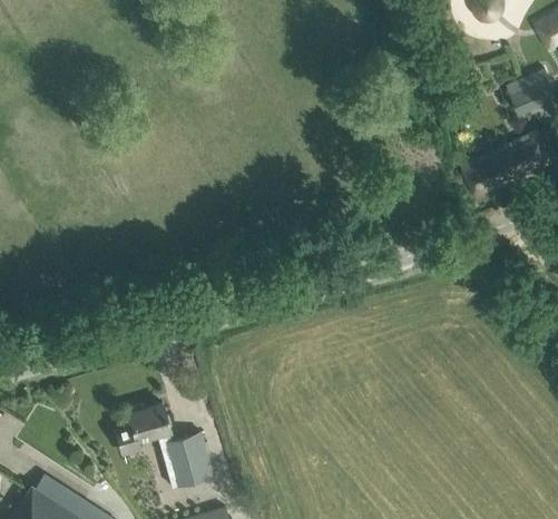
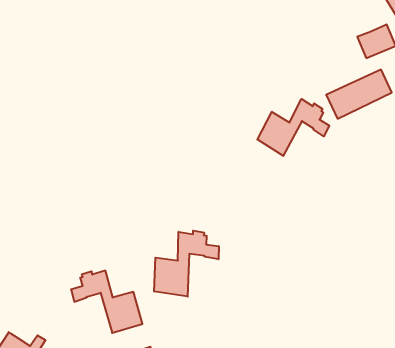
building: none -> [257,99,329,156]
building: none -> [154,231,219,297]

